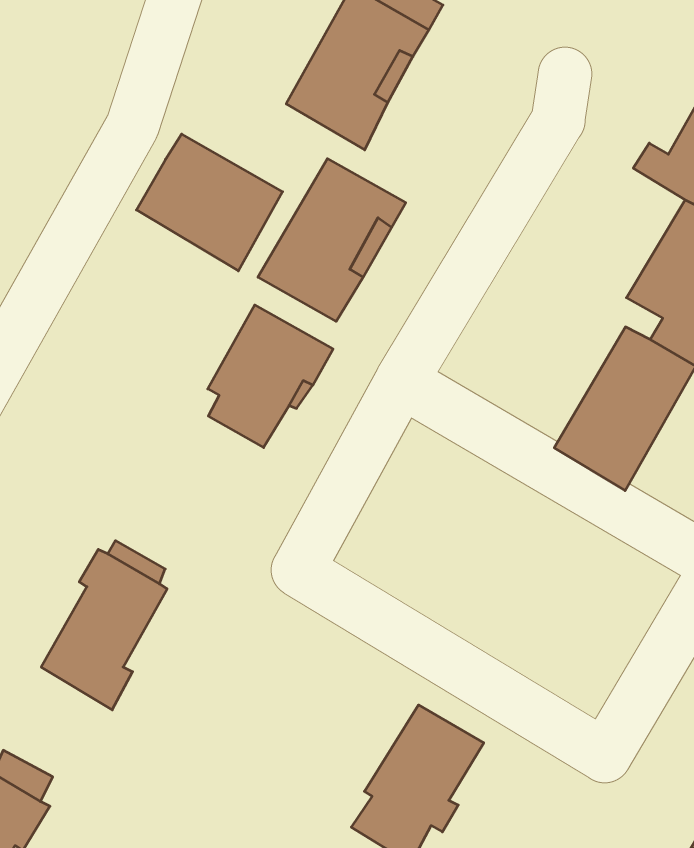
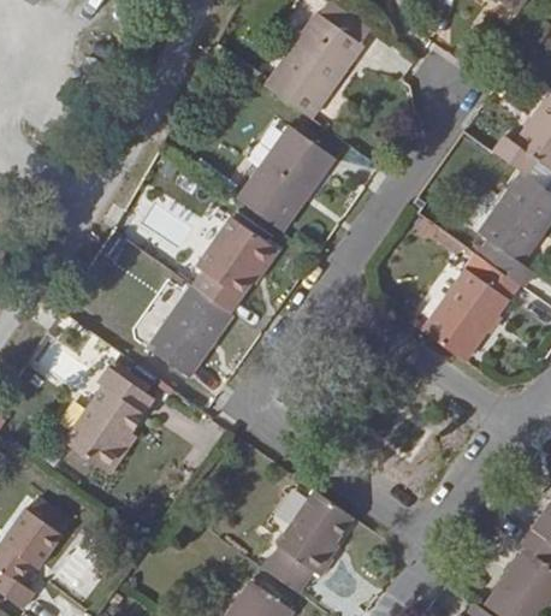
building: [136,134,283,271] -> none
building: none -> [134,277,236,381]

